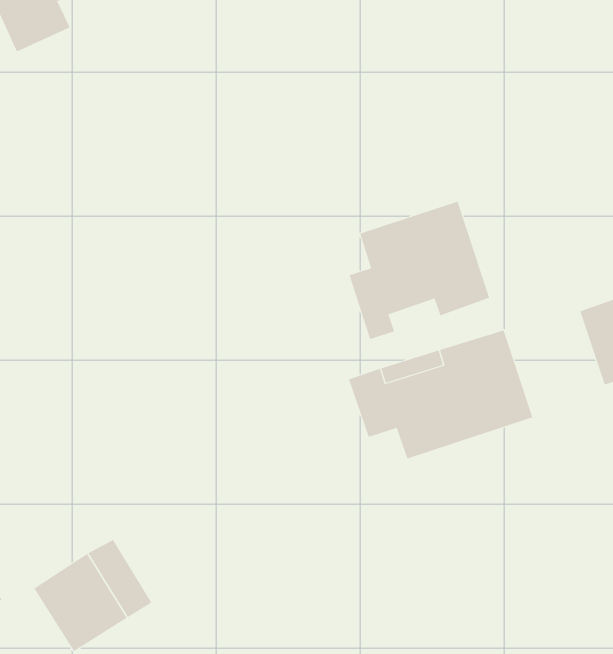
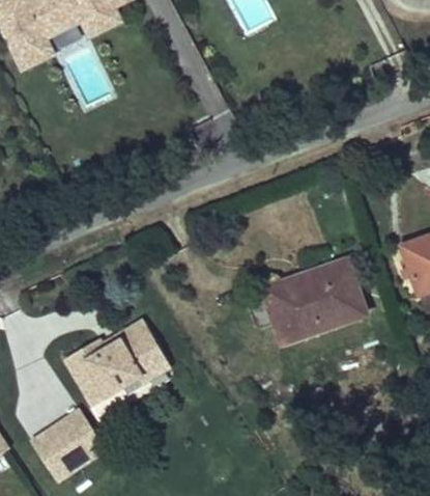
building: [349,201,490,340] -> none
building: none -> [65,322,174,399]

